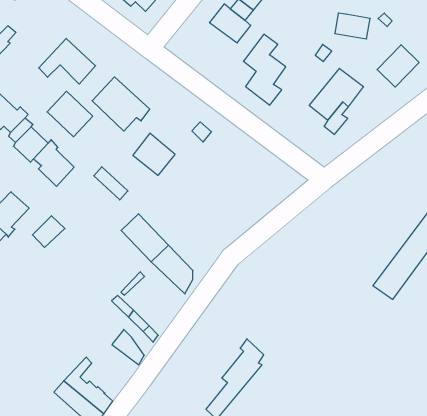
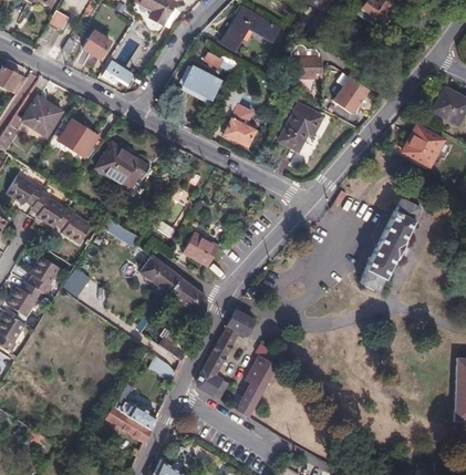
building: none -> [22,96,61,136]
building: [47,91,93,137] -> none
building: [133,133,175,175] -> [184,231,219,266]
building: none -> [197,311,253,395]

